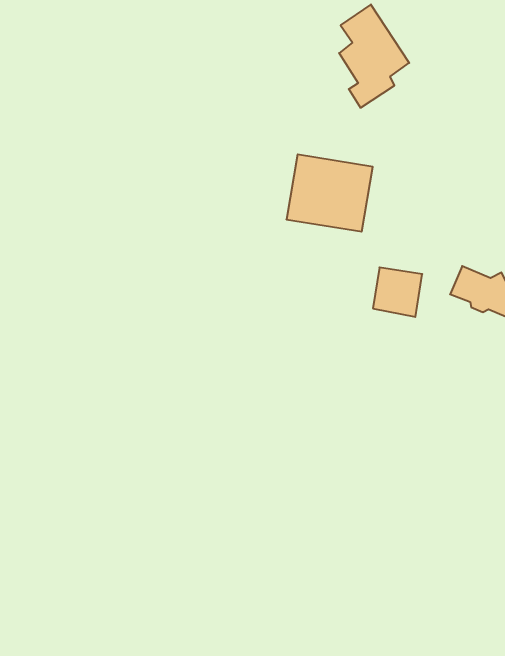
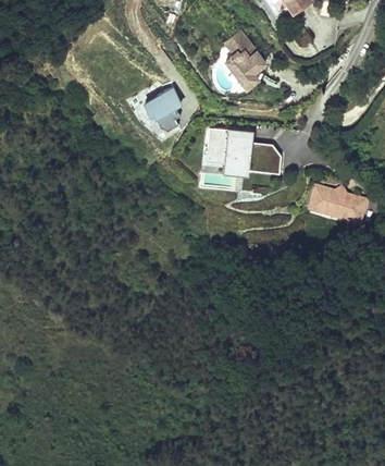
building: none -> [146,87,183,133]
building: [373,267,422,317] -> [252,146,281,174]

